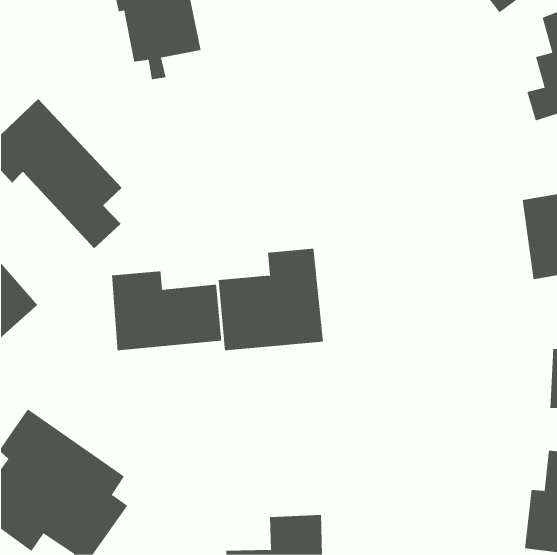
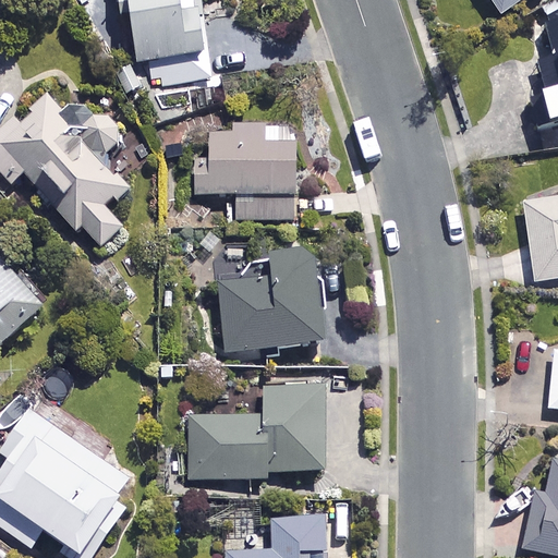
building: none -> [197,125,296,229]
building: [111,270,222,351] -> none
building: none -> [190,386,323,476]

